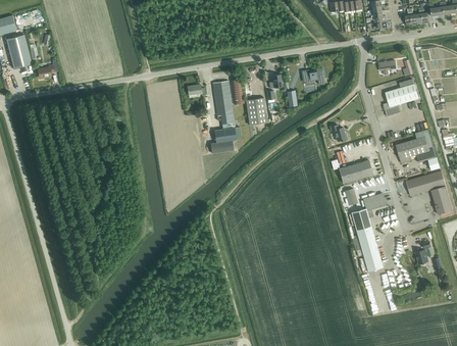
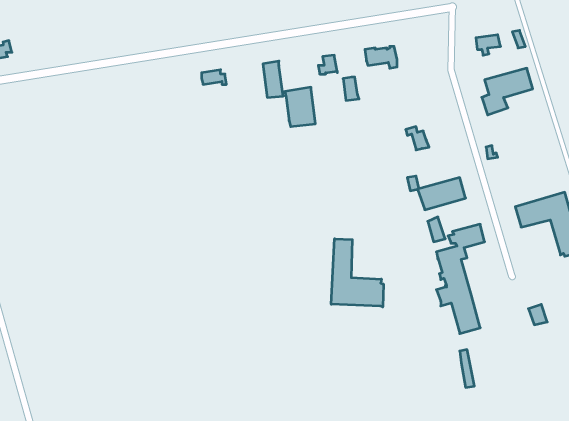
building: [209,81,241,153] -> none
building: [395,129,439,170] -> none
building: none -> [331,239,383,307]

